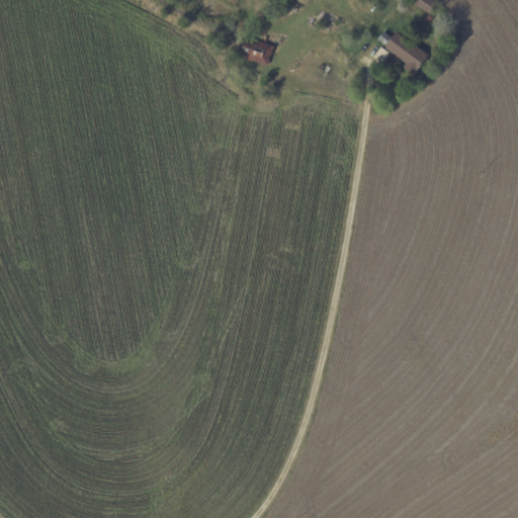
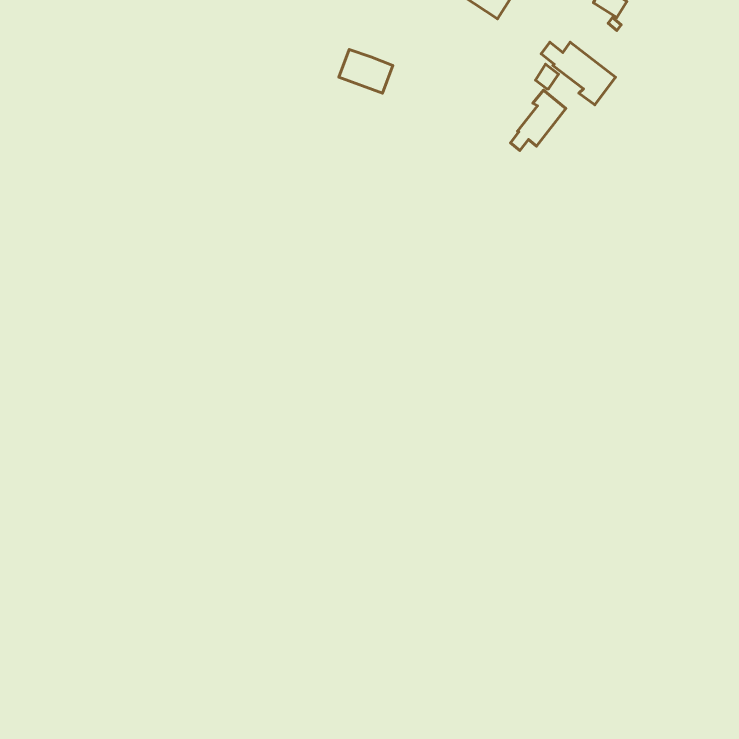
building: none -> [510,90,566,151]

